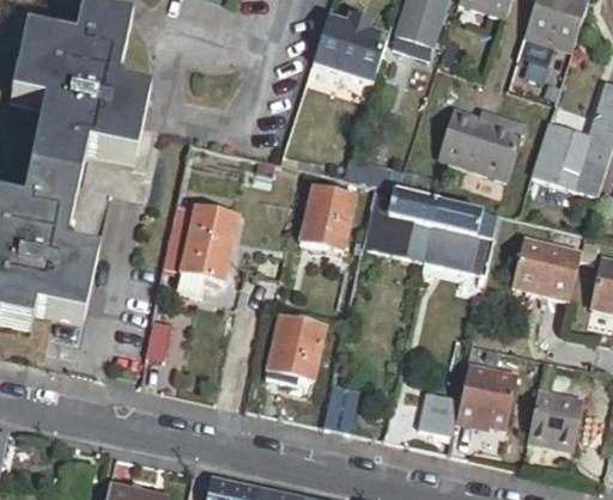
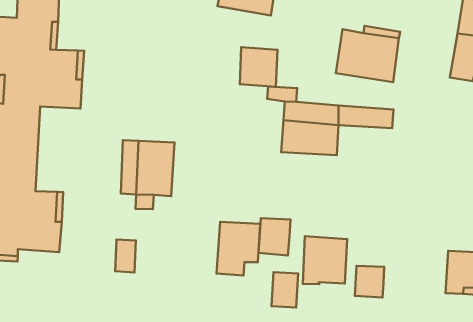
building: [533,124,588,188] -> none
building: [302,195,352,248] -> [240,47,278,87]
building: [425,224,494,273] -> none
building: [512,242,581,303] -> none
building: none -> [258,218,291,256]
building: [457,361,517,423] -> [303,236,347,284]

